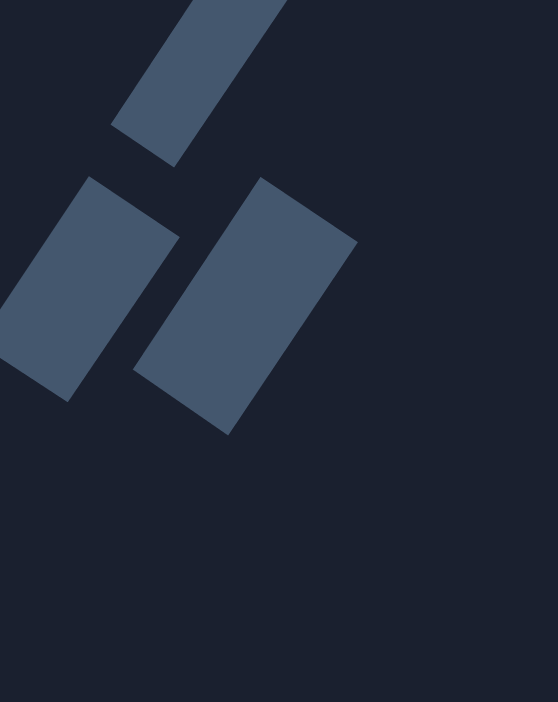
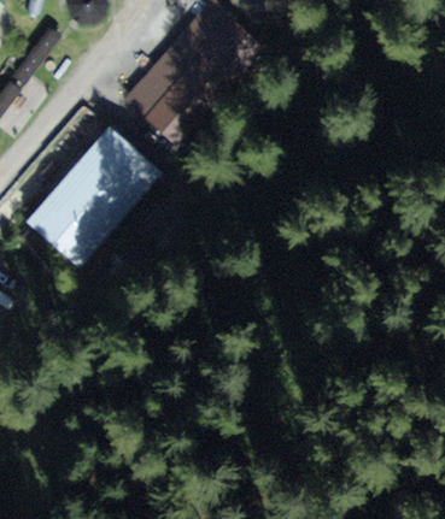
building: [132,176,359,437] -> none

